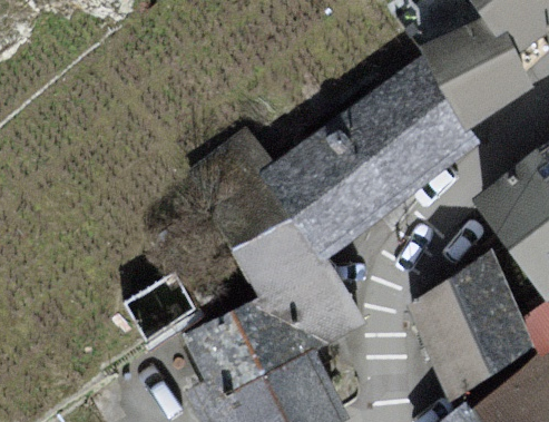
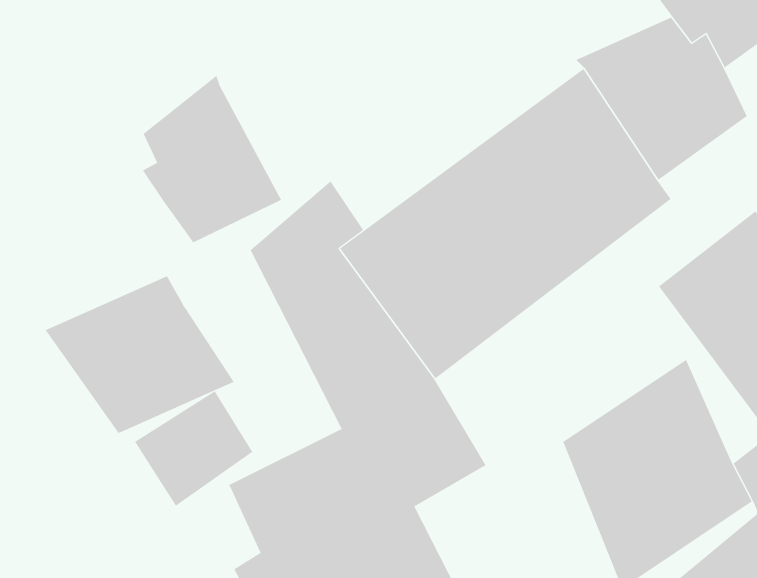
building: none -> [142,75,282,243]
building: none -> [45,276,234,434]

